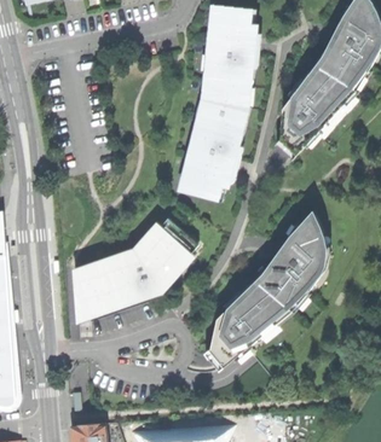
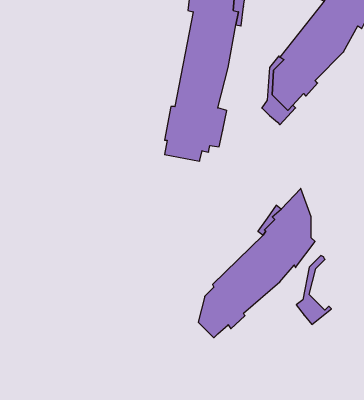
building: [79,217,198,313] -> none
building: [204,307,237,371] -> [296,256,331,324]

